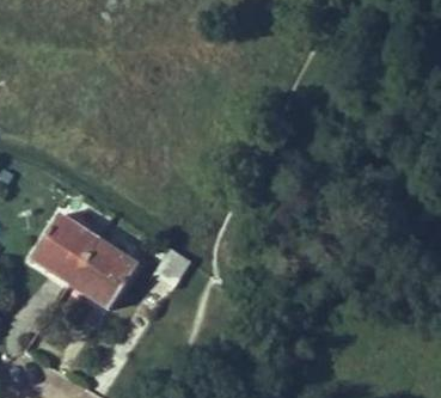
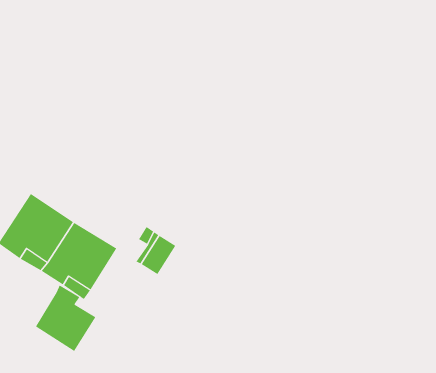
building: none -> [35,284,96,352]

